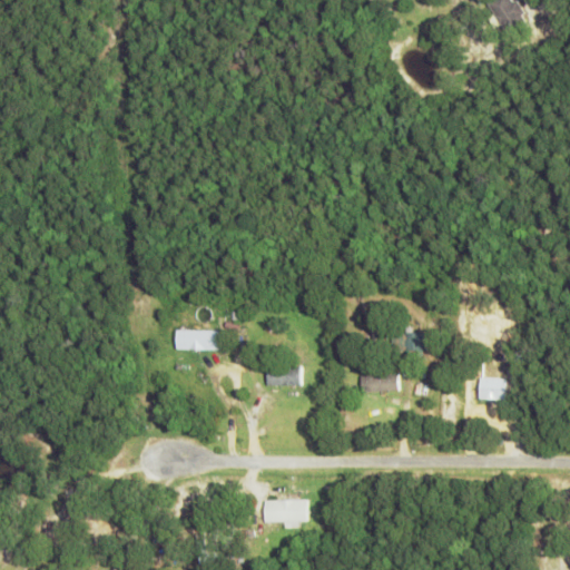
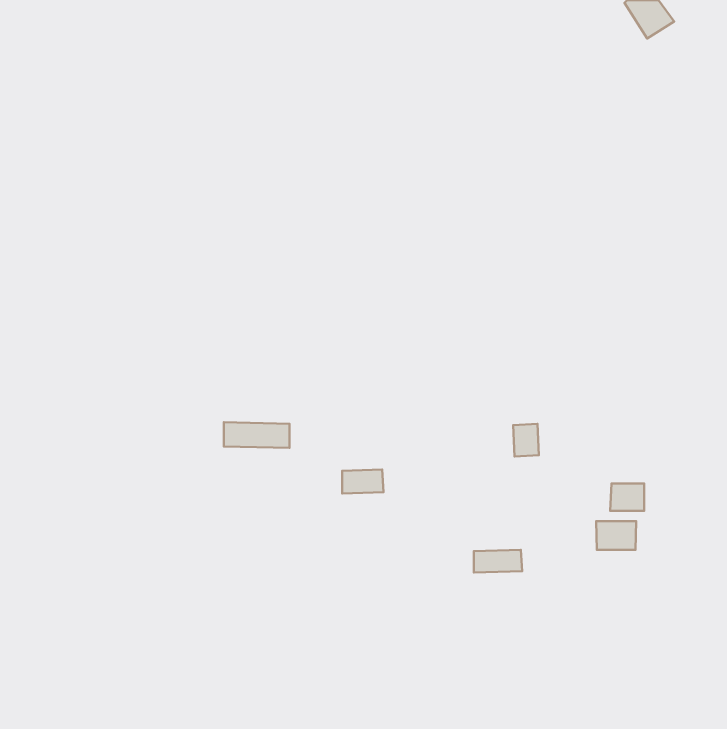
building: [360,374,397,392] -> [474,550,522,573]
building: none -> [596,521,636,550]
building: [264,499,306,522] -> none

